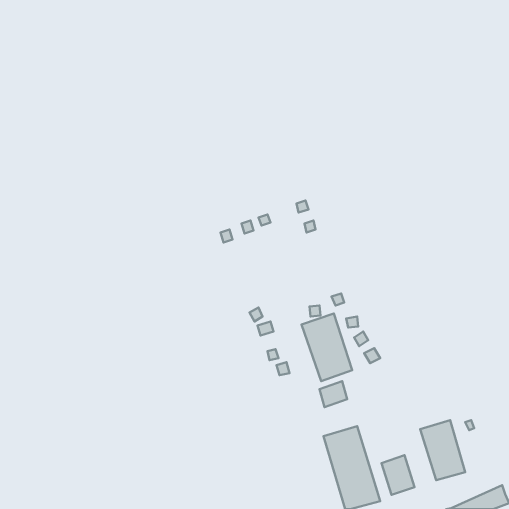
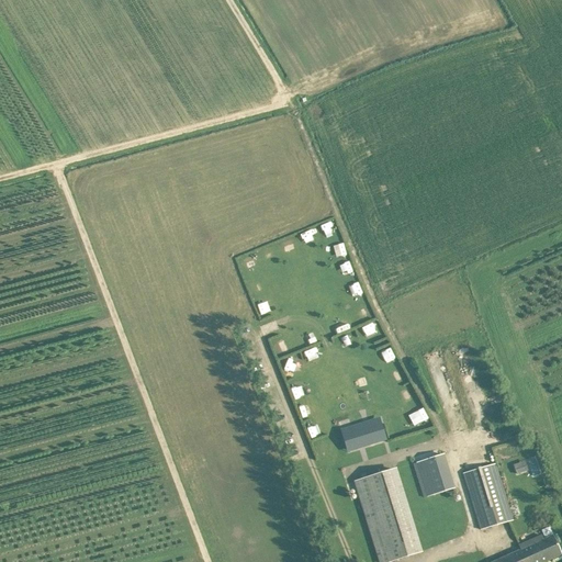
building: [301,313,352,381] -> none
building: [381,455,414,495] -> [415,451,451,495]

